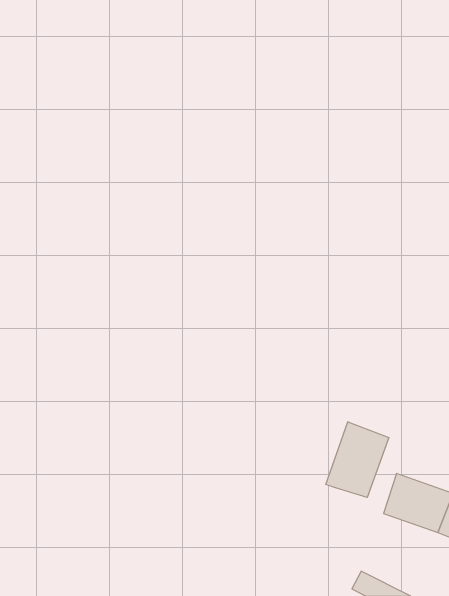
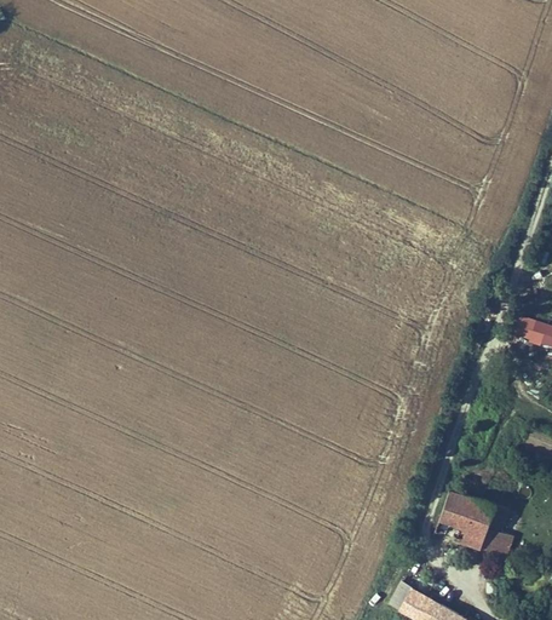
building: [326,422,389,497] -> none

